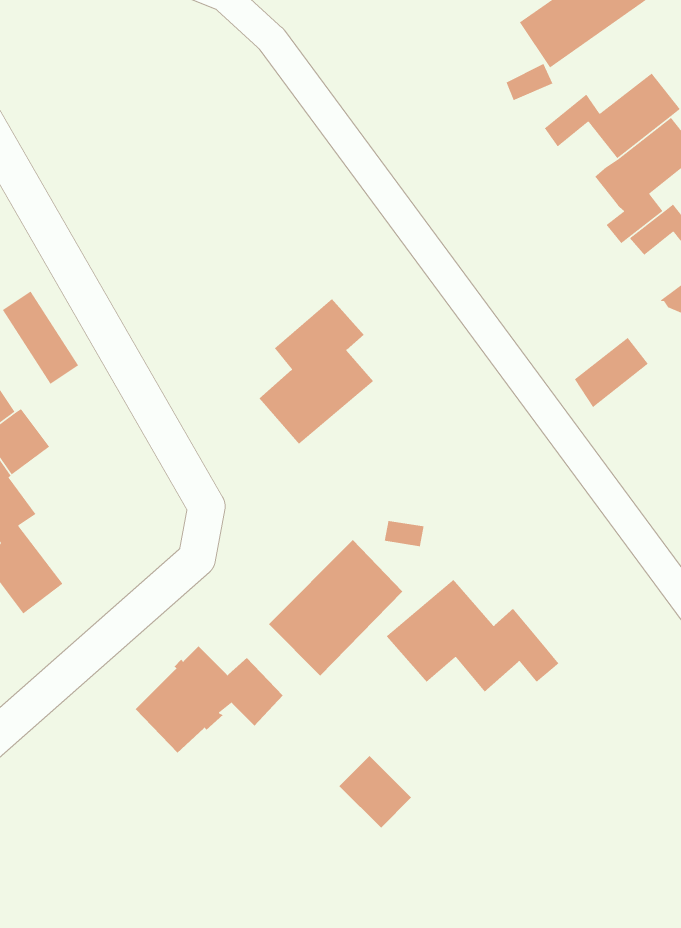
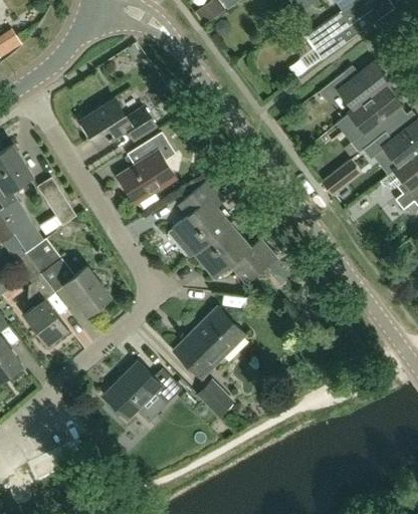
building: none -> [82,101,155,147]
building: none -> [120,133,176,202]
building: [574,337,649,408] -> [321,160,360,197]
building: none -> [55,263,110,314]
building: [378,579,560,693] -> [190,224,284,283]
building: [339,755,412,828] -> [195,379,233,418]

